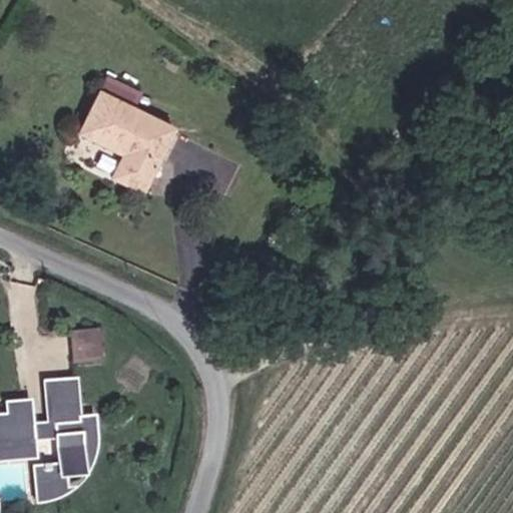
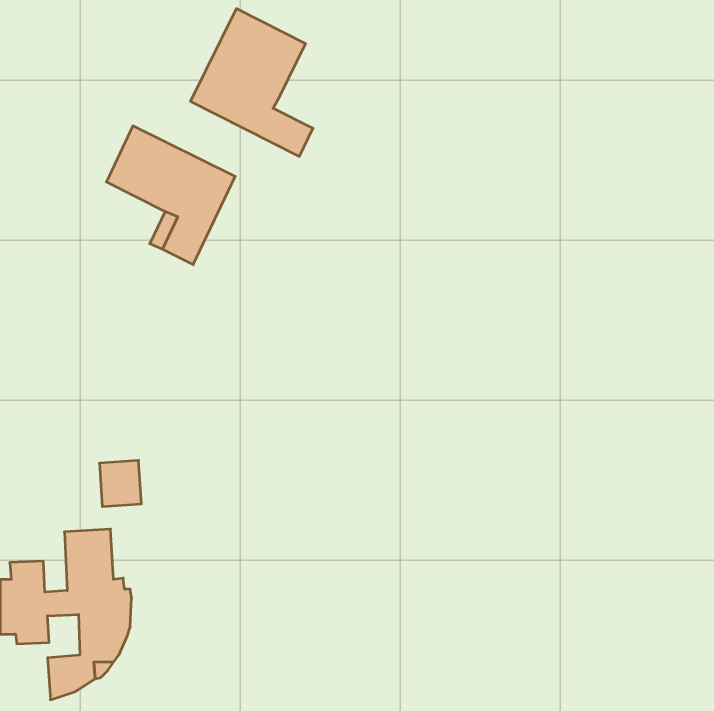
building: none -> [191,9,313,156]

